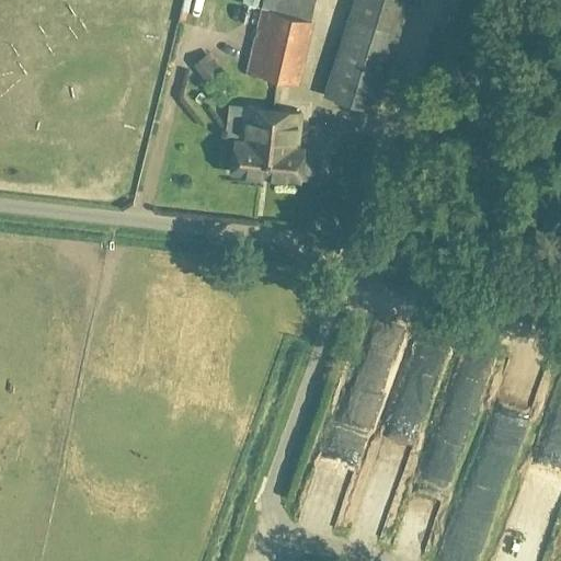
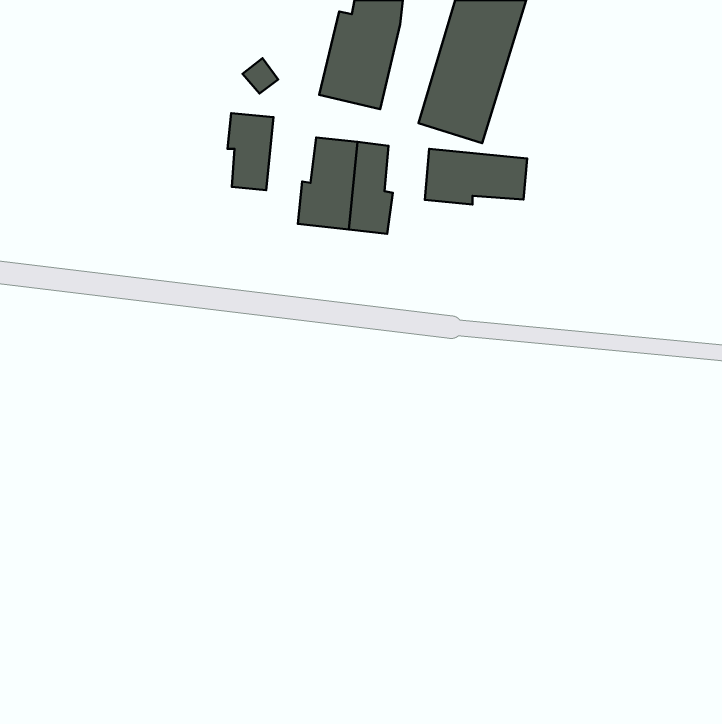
building: none -> [227,113,274,190]
building: none -> [425,149,527,204]

